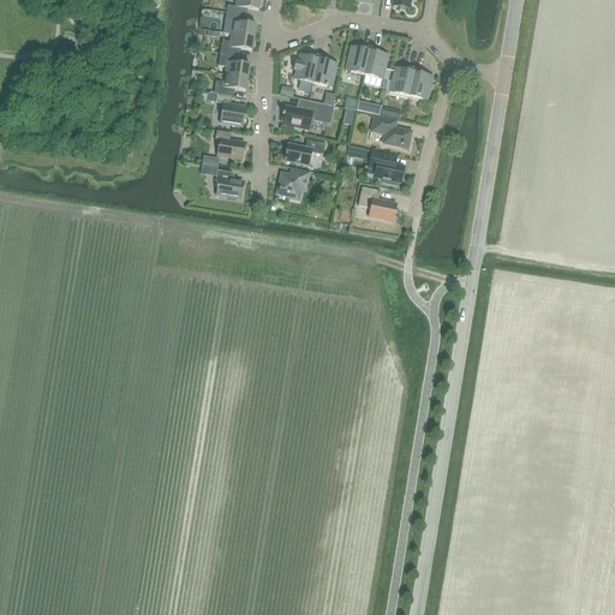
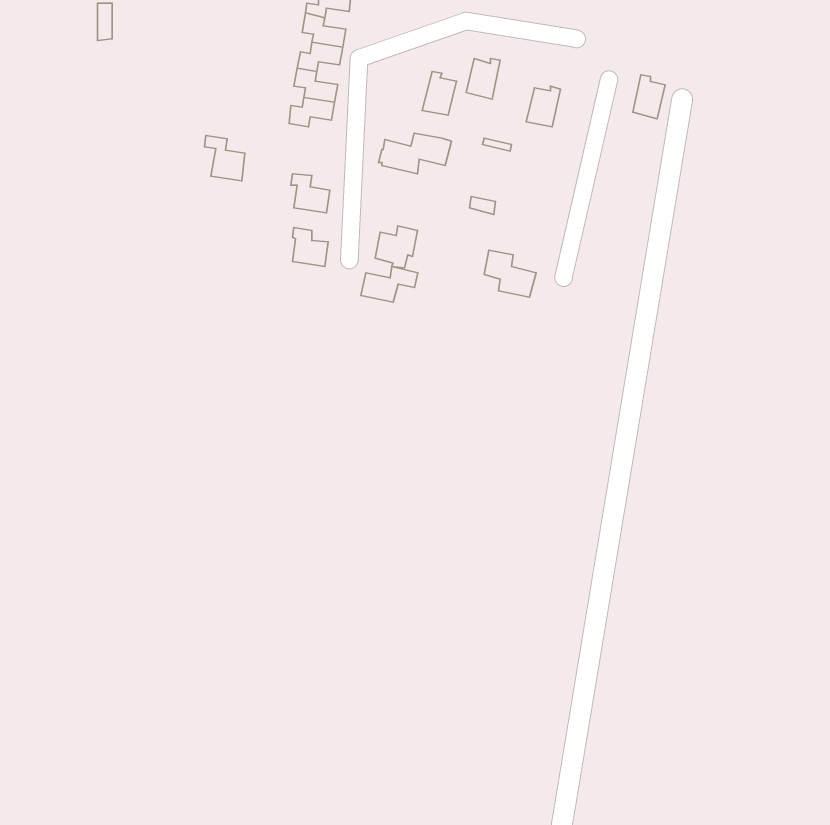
building: [364,44,388,77] -> none
building: [293,52,320,90] -> none
building: [408,66,432,98] -> [633,75,665,119]
building: [215,91,245,125] -> [204,135,245,181]
building: [371,114,412,147] -> none
building: [283,137,326,163] -> [361,266,418,302]
building: [363,150,404,184] -> none

